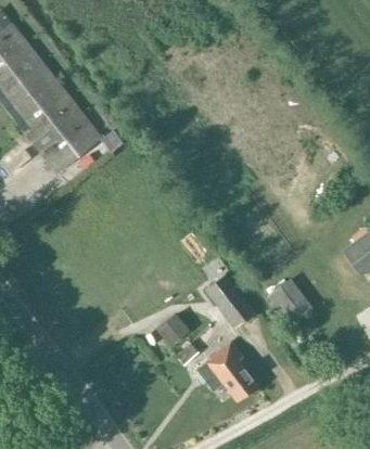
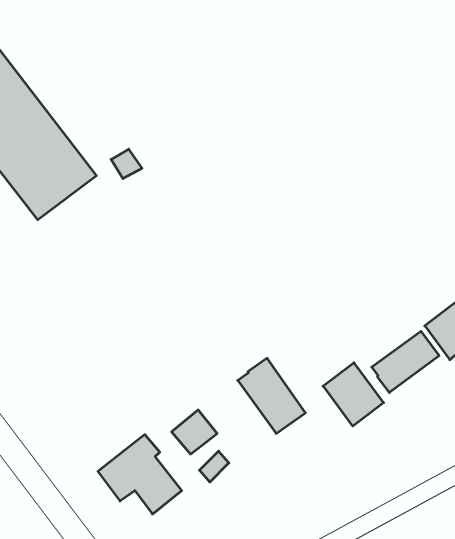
building: none -> [372,331,439,393]
building: [197,342,259,400] -> [98,435,182,514]

